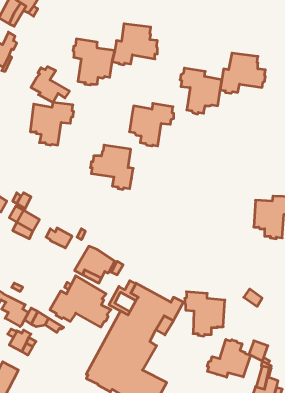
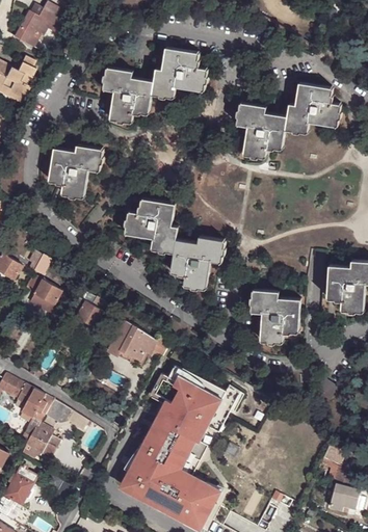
building: [31,67,69,102] -> none
building: [129,103,174,146] -> [170,236,226,289]
building: [50,276,111,327] -> none
building: [185,292,225,336] -> [251,289,300,344]
building: [207,339,251,377] -> none

